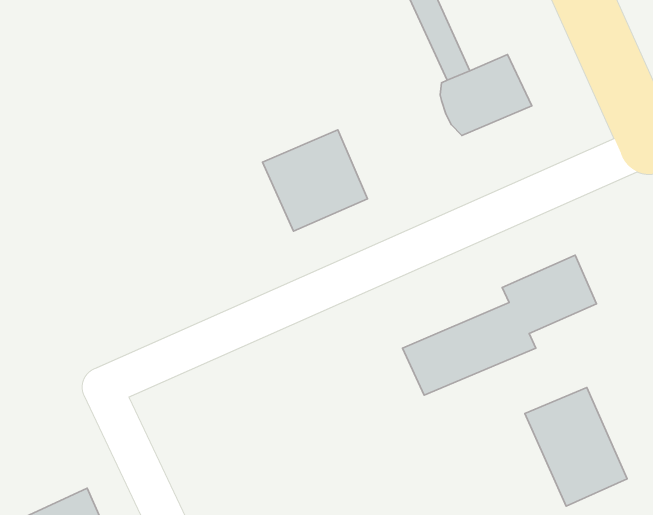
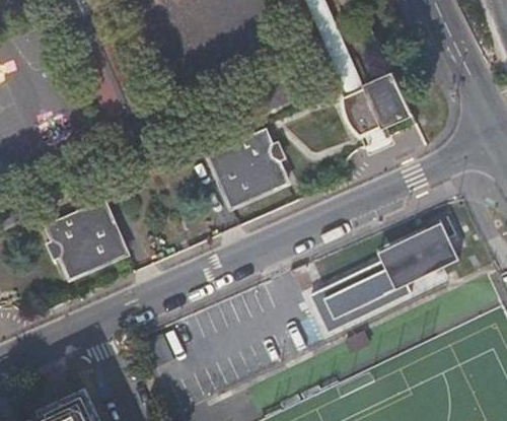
building: none -> [47,200,125,276]
building: [525,388,627,506] -> none

